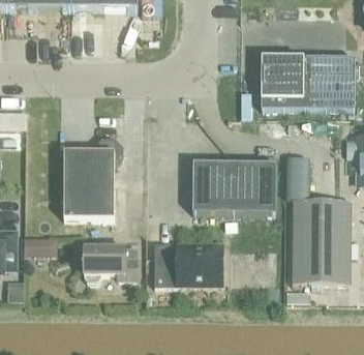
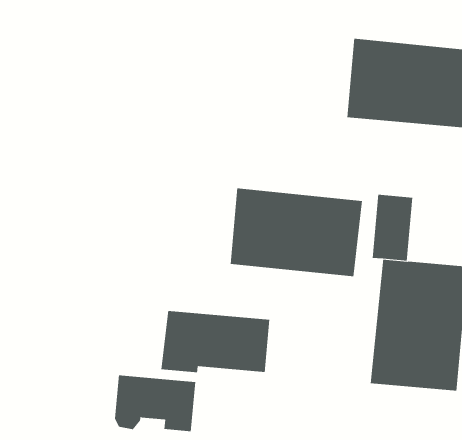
building: [63,136,122,217] -> none
building: [84,245,135,280] -> [114,375,196,432]

